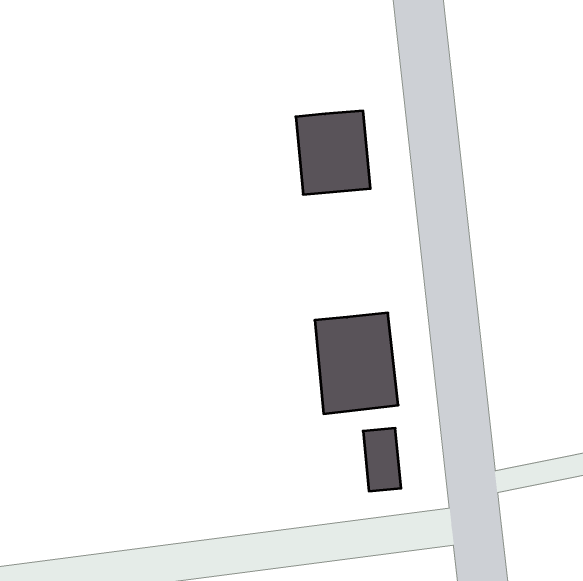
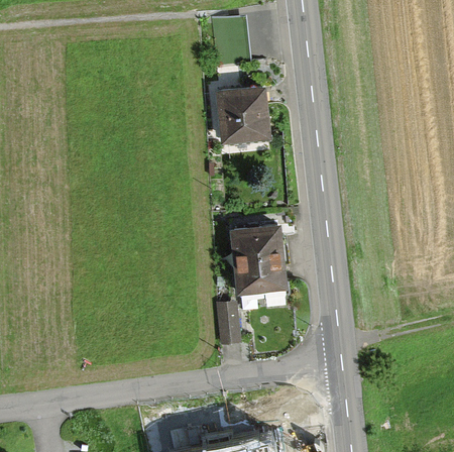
building: [363,428,401,491] -> [215,304,241,347]

